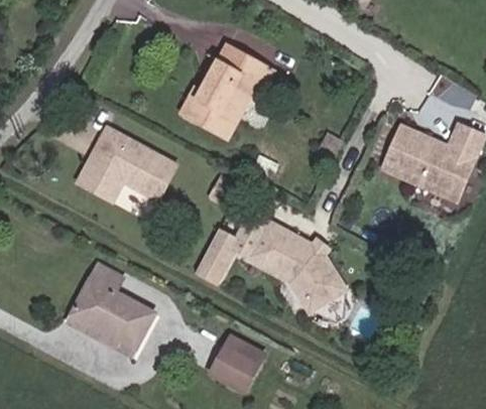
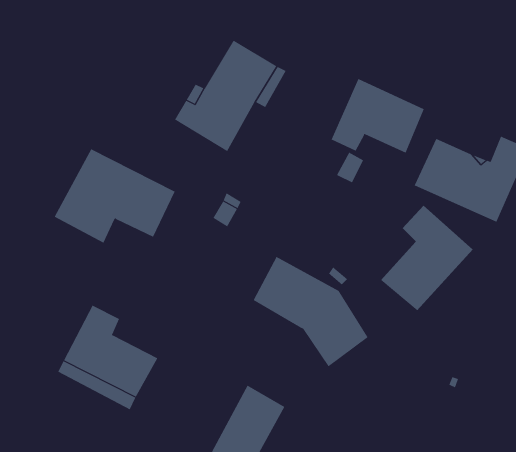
building: none -> [331,78,424,153]
building: none -> [380,205,473,311]
building: [193,226,235,278] -> none

